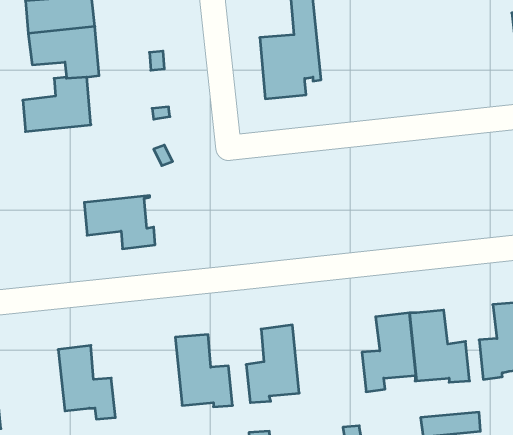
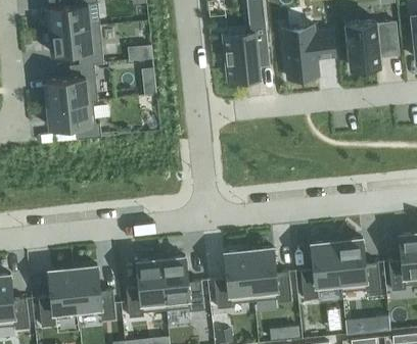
building: none -> [345,20,398,68]
building: none -> [282,24,334,79]
building: [84,196,155,249] -> [48,100,101,140]
building: none -> [248,248,291,302]
building: none -> [126,259,166,317]
building: none -> [38,268,78,327]

